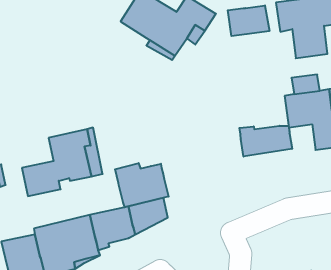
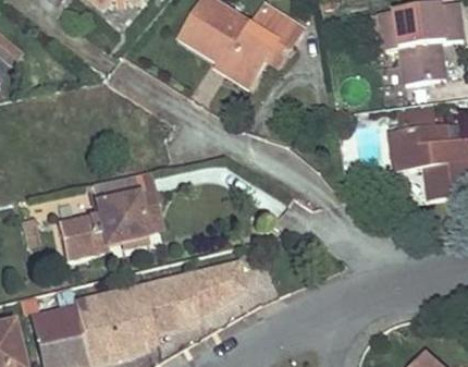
building: [228,5,269,36] -> none
building: [239,126,292,157] -> none
building: [115,163,169,207] -> none

